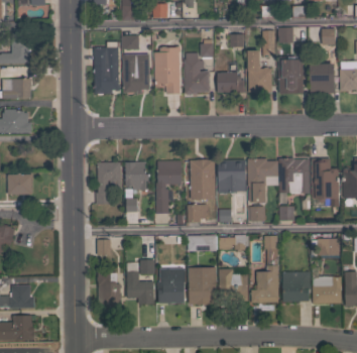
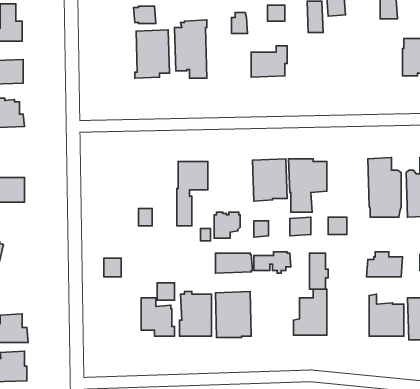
building: [94,42,119,94] -> none
building: [248,49,272,92] -> none
building: [185,52,211,93] -> none
building: [279,56,304,93] -> none
building: [310,64,335,93] -> none
building: [278,157,310,193] -> none
building: [190,159,215,199] -> none
building: [96,161,121,204] -> none
building: [125,161,149,190] -> none
building: [219,268,248,301] -> none
building: [282,270,311,302] -> none
building: [97,272,122,305] -> none

